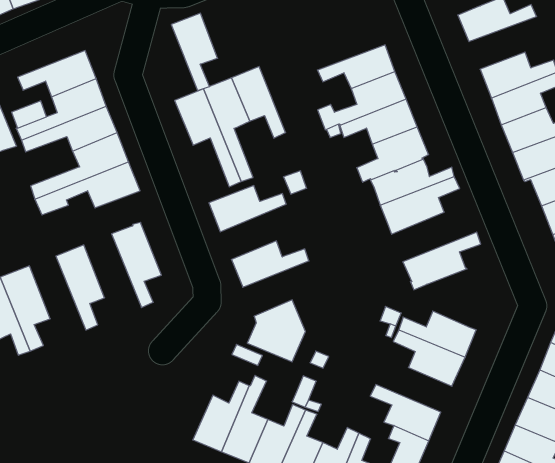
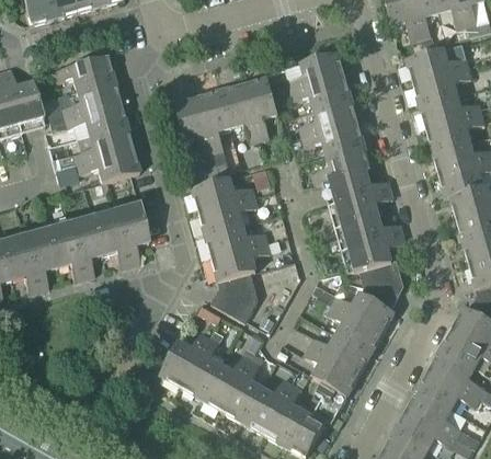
building: [171,13,218,91] -> [244,77,278,138]
building: none -> [288,51,346,91]
building: none -> [413,67,471,104]
building: none -> [199,195,258,234]
building: none -> [335,215,403,251]
building: none -> [90,204,130,267]
building: none -> [45,217,84,280]
building: none -> [213,242,271,282]
building: none -> [359,260,404,309]
building: none -> [310,335,370,374]

